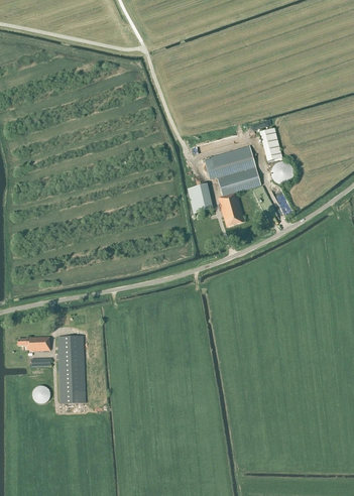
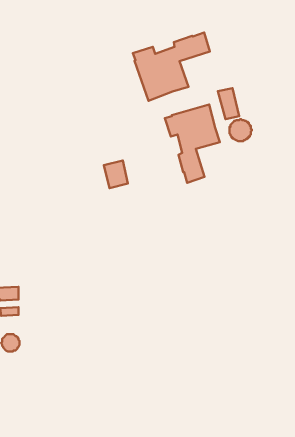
building: none -> [133,33,210,101]
building: [188,183,213,213] -> [104,160,128,188]
building: [58,335,86,402] -> none

